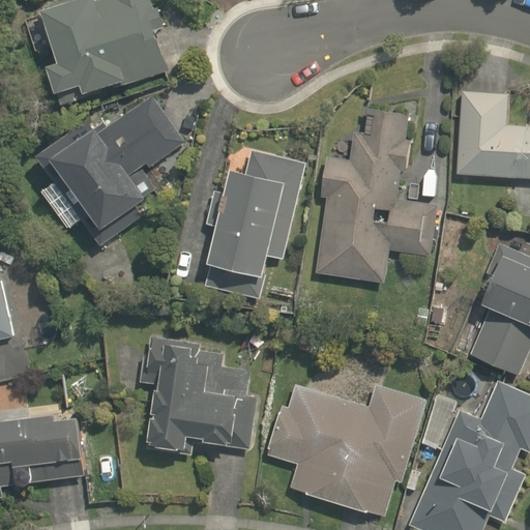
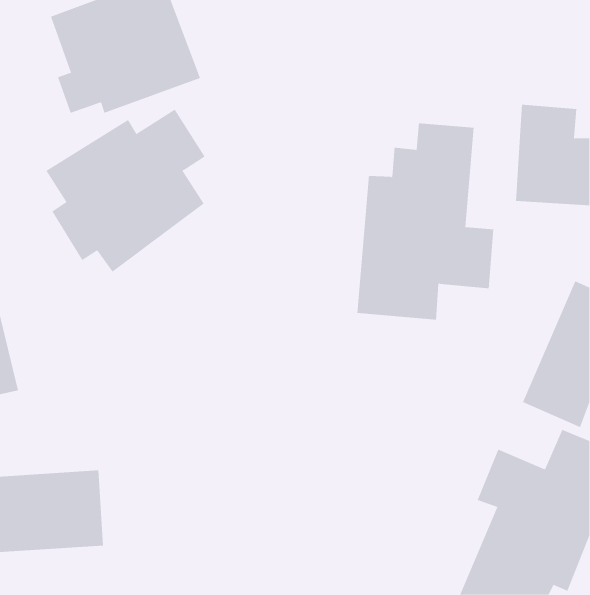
building: [203,147,301,281] -> none
building: [134,332,258,461] -> none
building: [264,378,426,520] -> none

